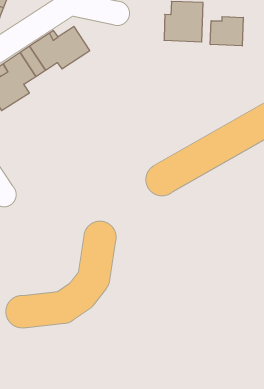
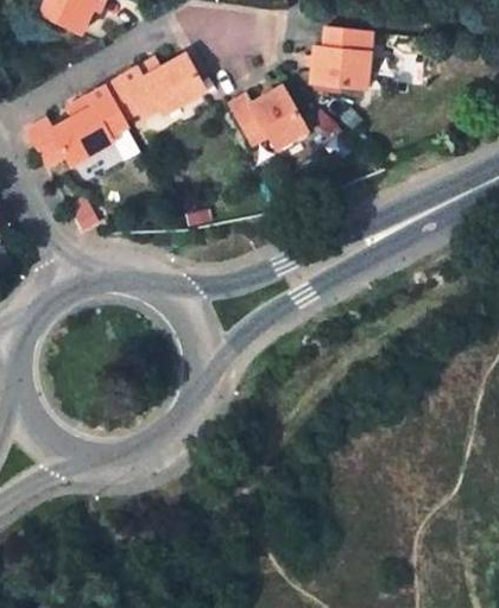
building: [210,17,243,46] -> none
building: none -> [229,87,307,147]

